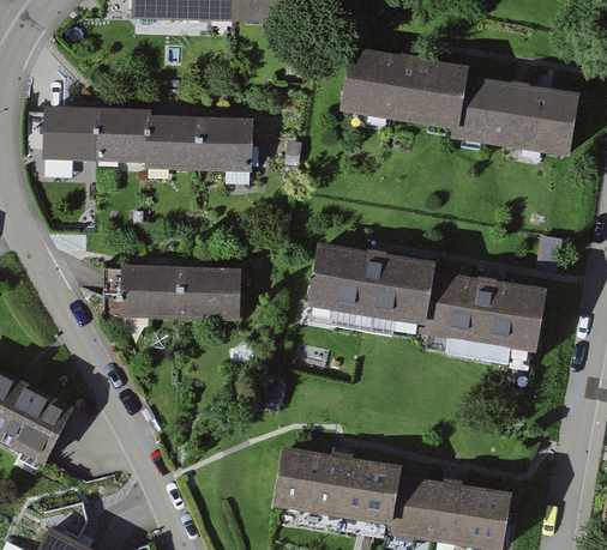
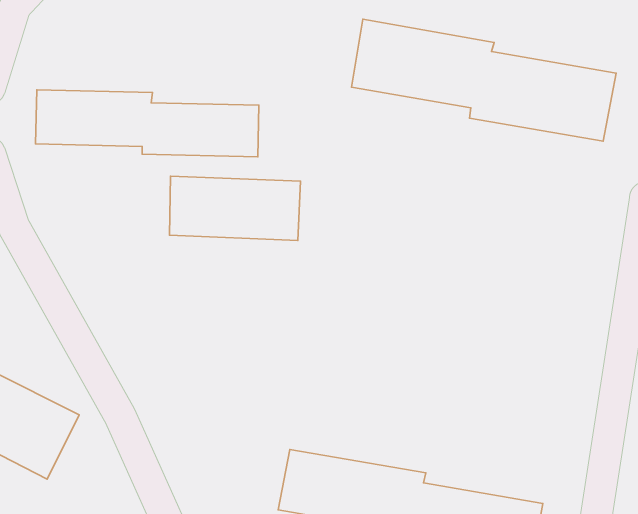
building: [302,235,549,351] -> none
building: [118,265,240,325] -> [169,176,300,240]

